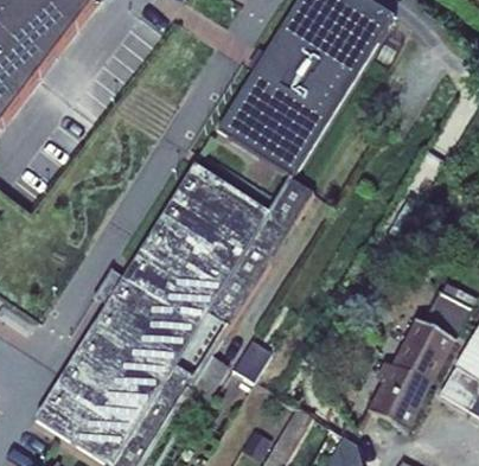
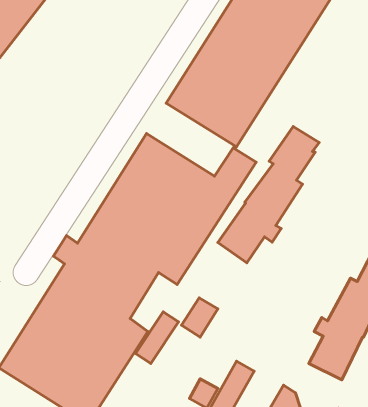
building: none -> [218,127,319,263]

